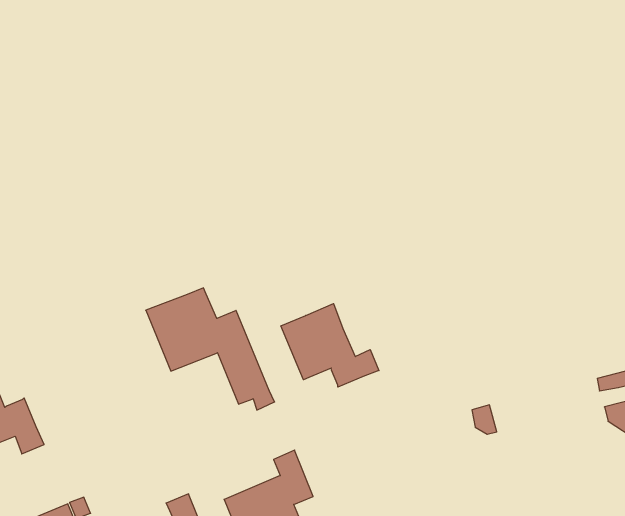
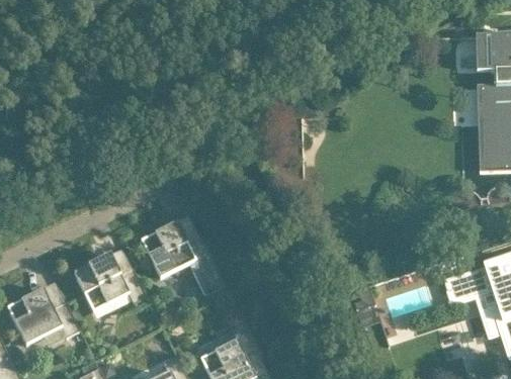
building: [281,304,379,387] -> none
building: none -> [74,254,147,310]

